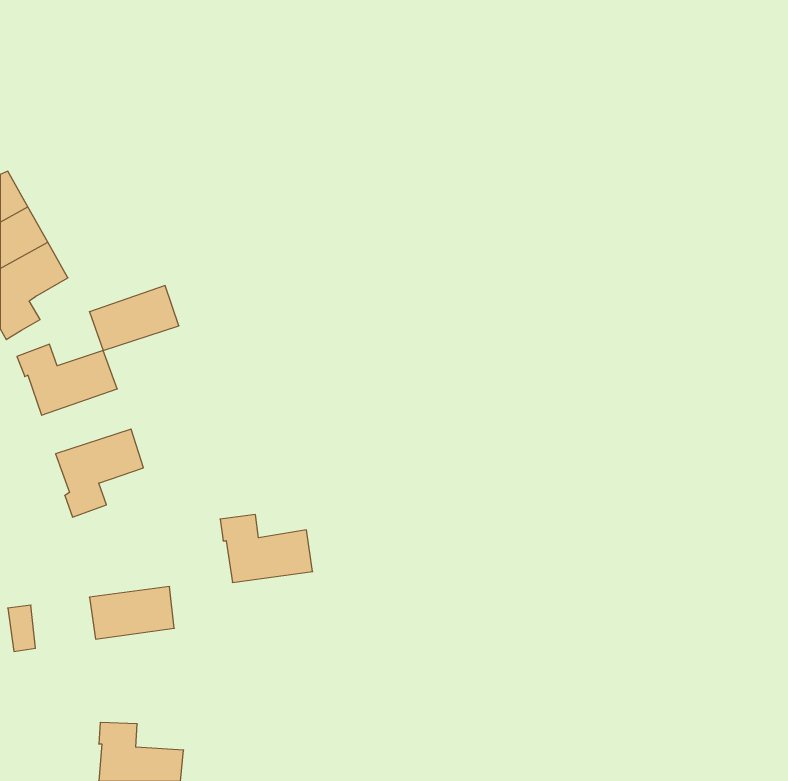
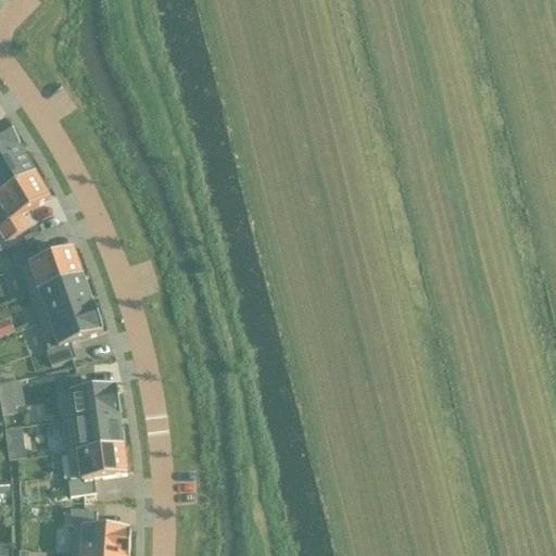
building: [89,286,179,350] -> [29,274,92,319]
building: [220,515,313,582] -> [54,372,119,420]
building: none -> [67,442,127,494]

